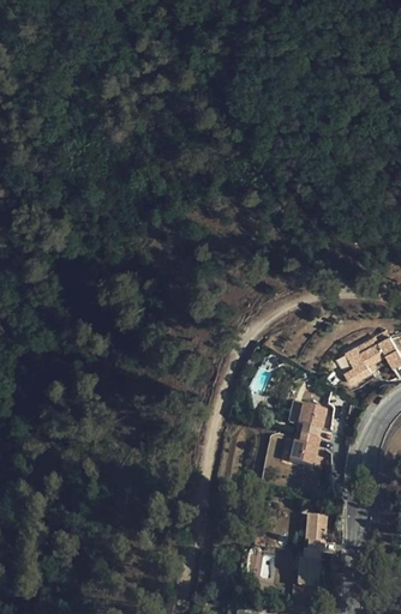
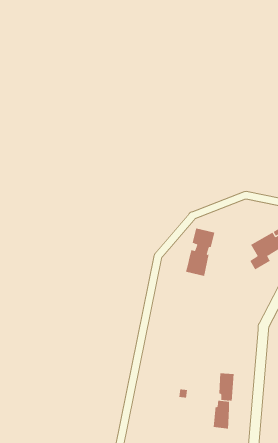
building: [289,403,328,465] -> [185,228,215,277]

